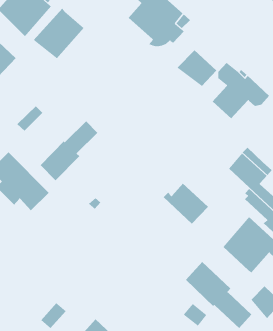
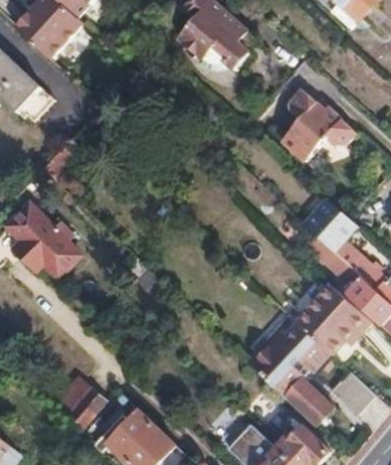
building: [33,8,85,59] -> none
building: [176,50,217,87] -> none
building: [40,120,98,181] -> none
building: [163,183,209,225] -> [270,321,328,373]

